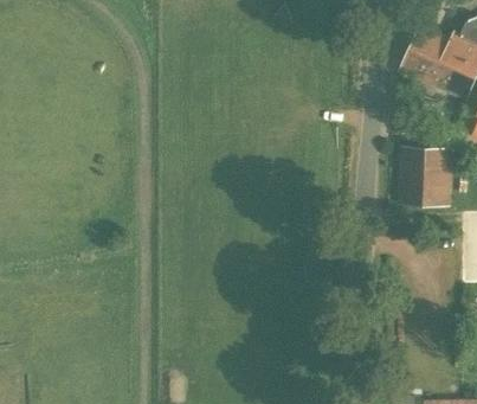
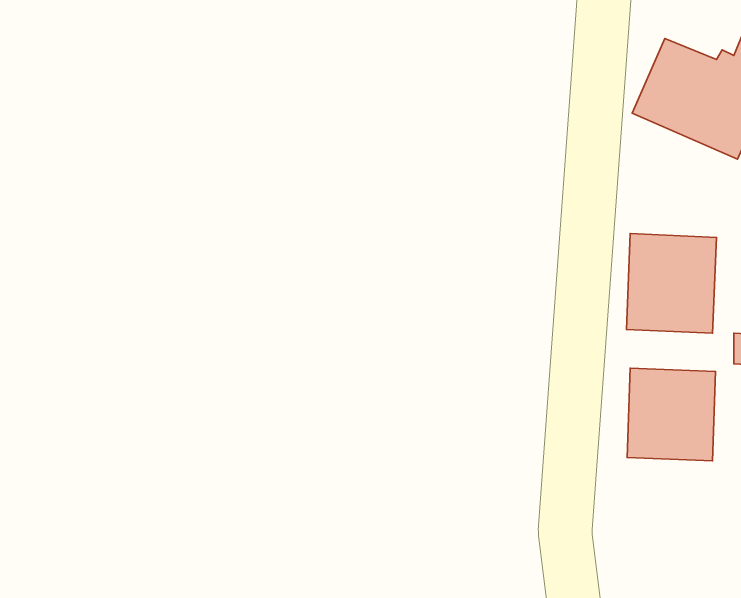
building: none -> [627,368,716,461]

